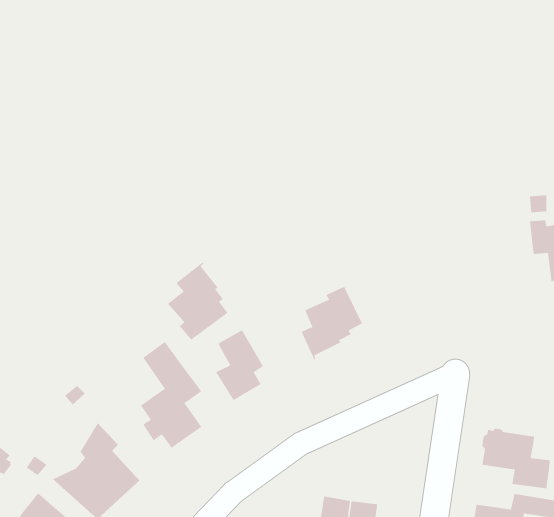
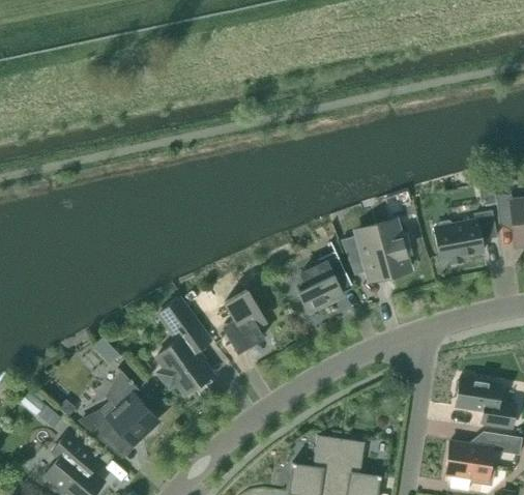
building: none -> [434,210,497,264]
building: none -> [341,224,410,274]
building: [167,261,228,349] -> none

